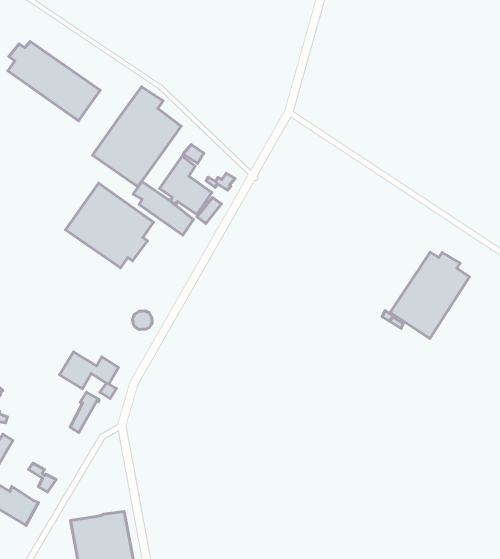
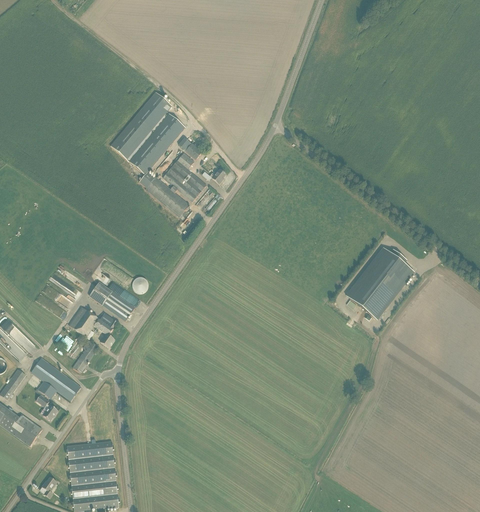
building: [8,41,100,121] -> none
building: [65,183,153,268] -> none
building: none -> [89,281,135,320]
building: none -> [31,357,81,399]

